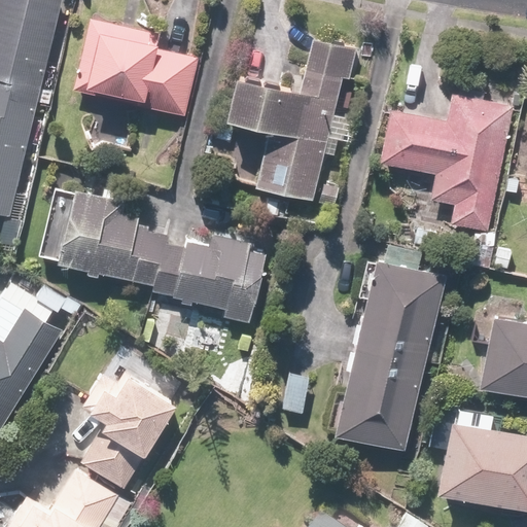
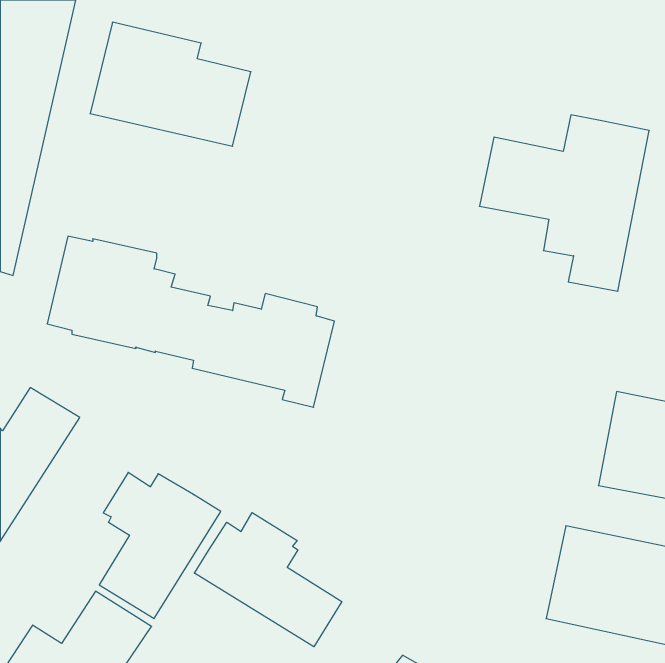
building: [224,41,357,209] -> none
building: [329,256,445,451] -> none
building: none -> [194,513,342,647]

